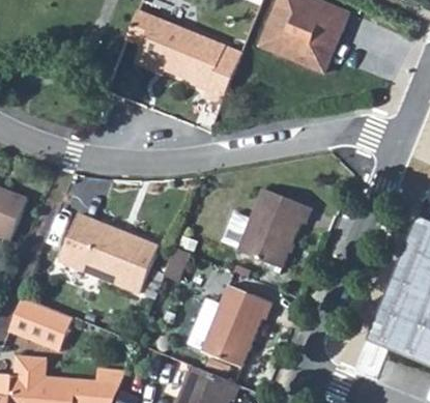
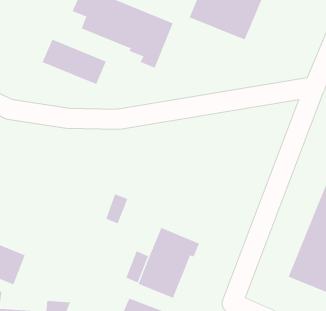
building: none -> [42,39,107,85]
building: [222,186,311,267] -> none
building: [59,212,155,292] -> none

